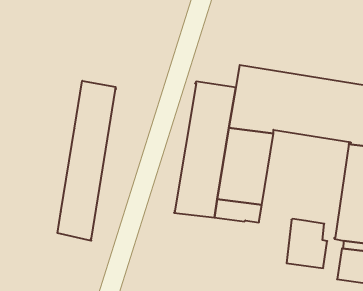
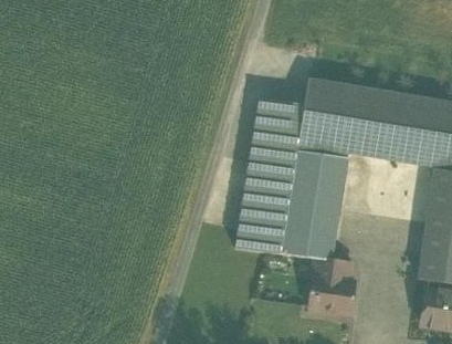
building: [57,81,116,241] -> none
building: [287,219,327,268] -> [308,257,355,313]

